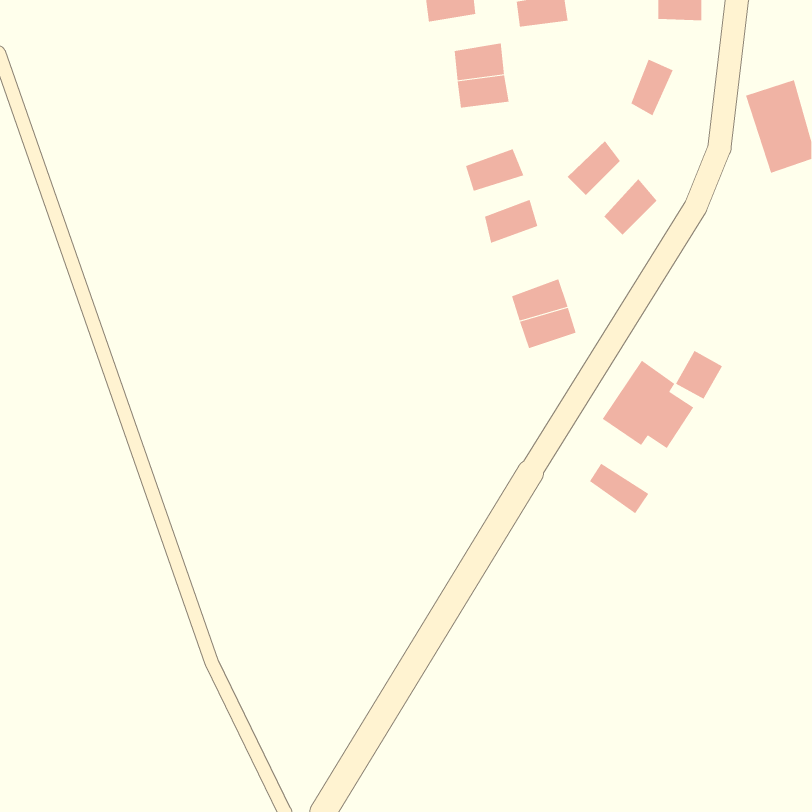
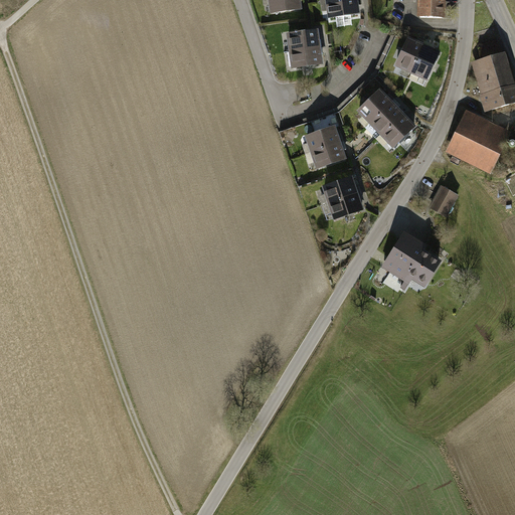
building: none -> [412,44,440,80]
building: [465,148,524,191] -> [310,143,347,170]
building: none -> [370,102,403,137]
building: none -> [446,106,509,169]
building: [675,350,723,400] -> [428,182,459,213]
building: [589,463,649,514] -> none

